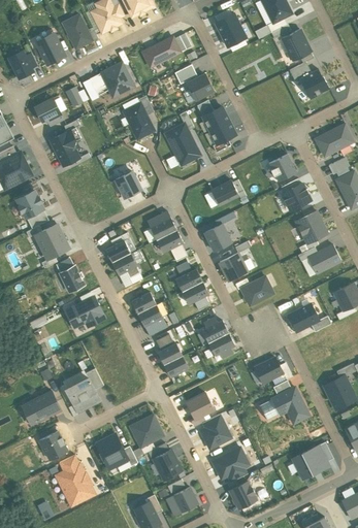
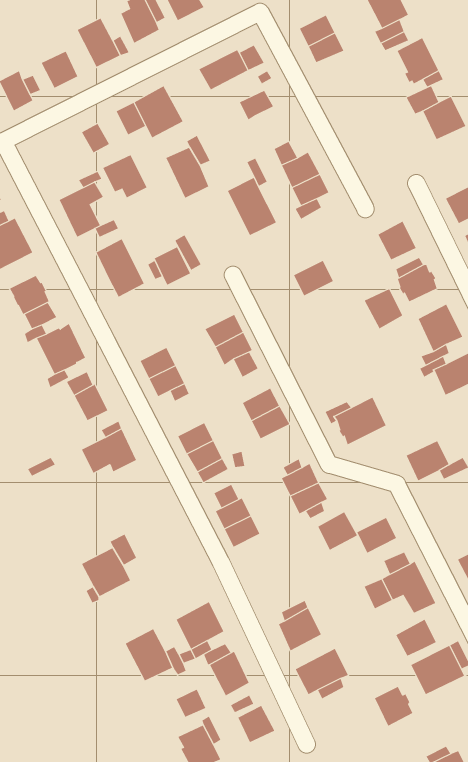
building: [185,72,214,101] -> none
building: [33,97,64,127] -> [102,154,147,198]
building: none -> [96,239,145,298]
building: [203,224,230,252] -> [364,288,403,329]
building: [219,253,247,279] -> none
building: [25,391,60,423] -> none
building: [186,393,214,420] -> [317,511,358,551]
building: none -> [395,619,437,657]
building: [39,431,66,459] -> none
building: [54,454,94,506] -> none
building: [229,481,256,508] -> [374,686,413,727]

